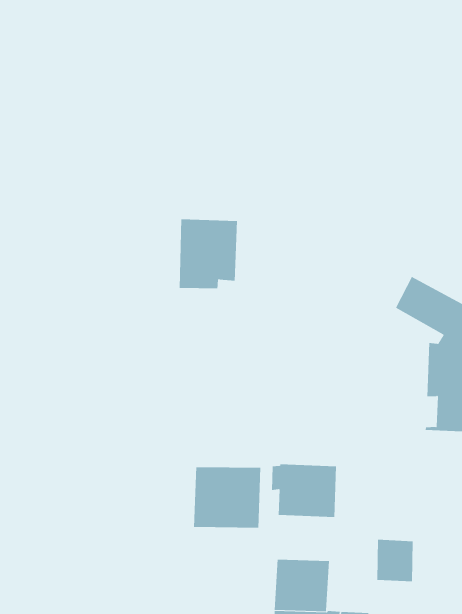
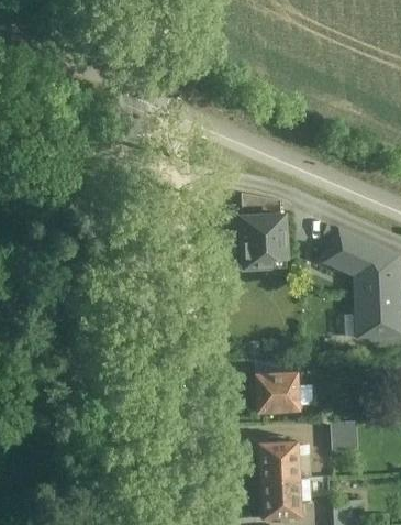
building: [179,219,238,289] -> [241,215,285,267]
building: [194,466,261,528] -> none

